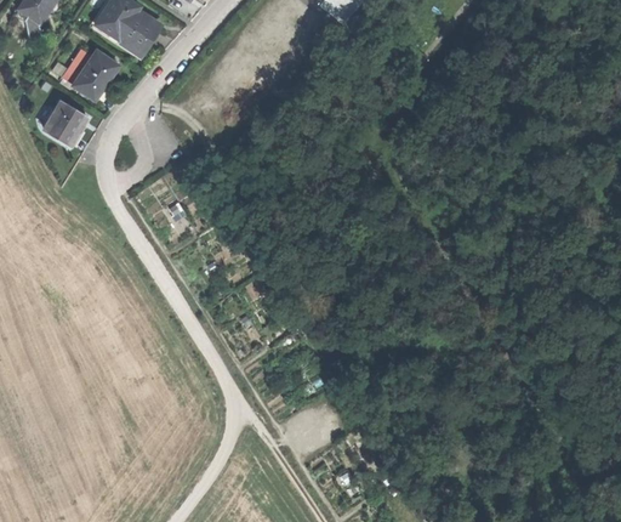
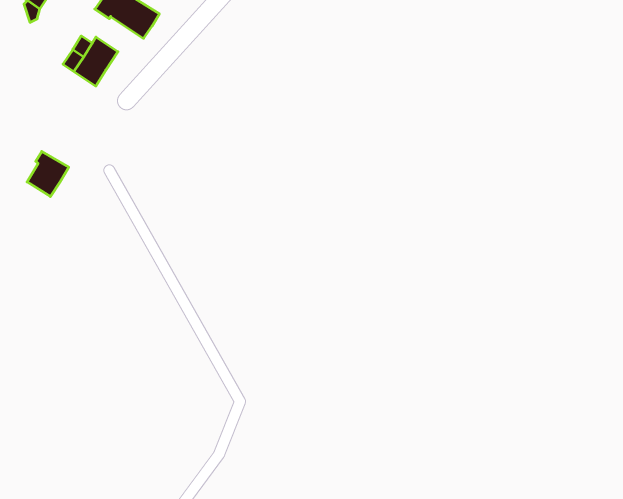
building: [46,102,87,147] -> [27,151,69,197]

